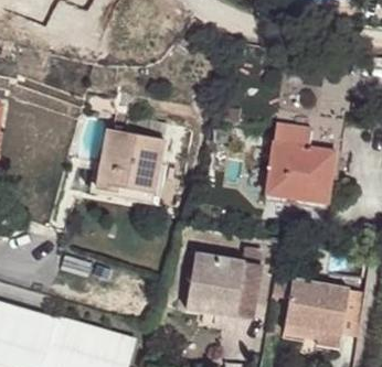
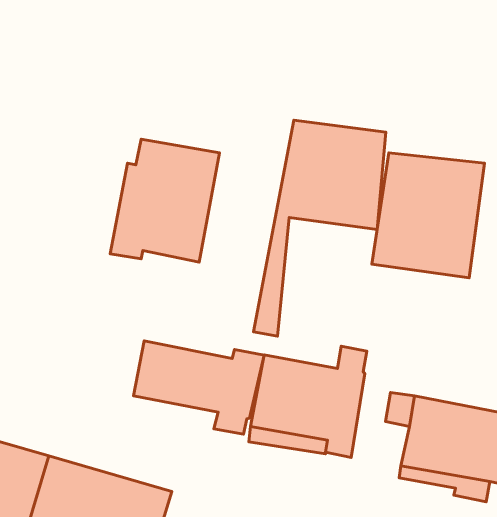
building: none -> [254,120,386,336]
building: none -> [134,341,264,434]

